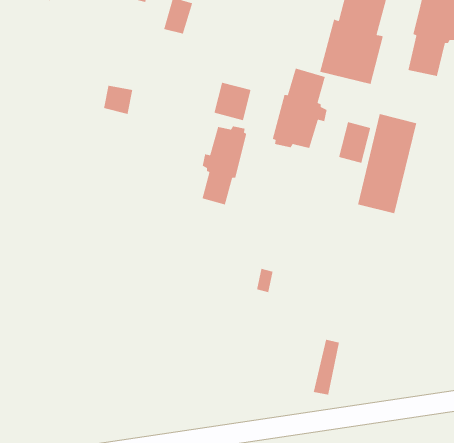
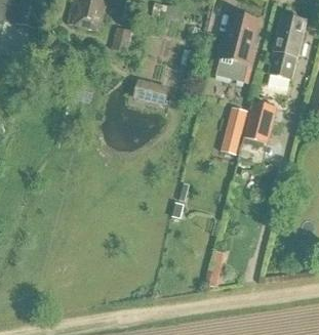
building: [272,68,327,149] -> none
building: [202,126,247,206] -> none

